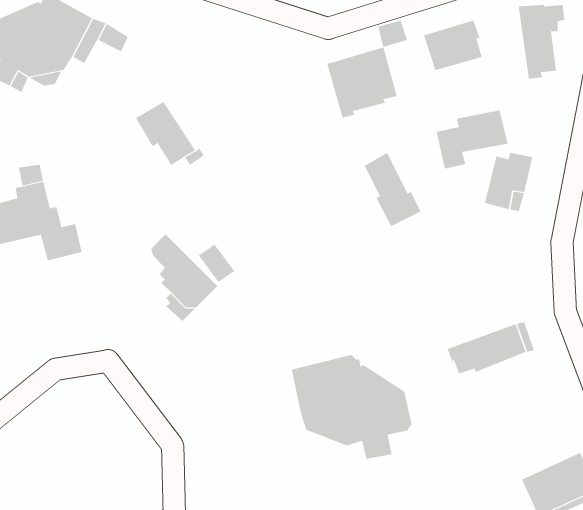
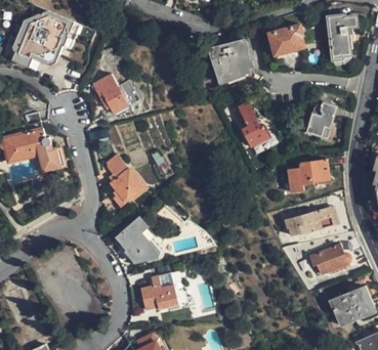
building: [436,110,509,169] -> [286,160,330,195]
building: none -> [116,219,157,263]
building: [291,354,412,459] -> none
building: none -> [307,246,350,277]
building: none -> [141,274,178,308]

